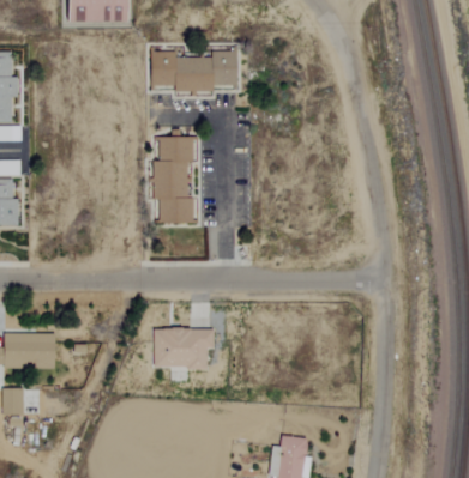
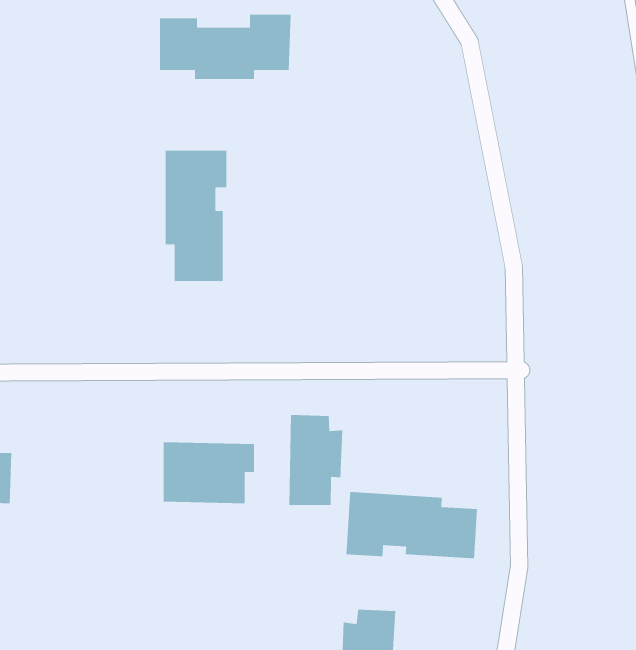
building: none -> [288,414,343,506]
building: none -> [346,491,478,559]

